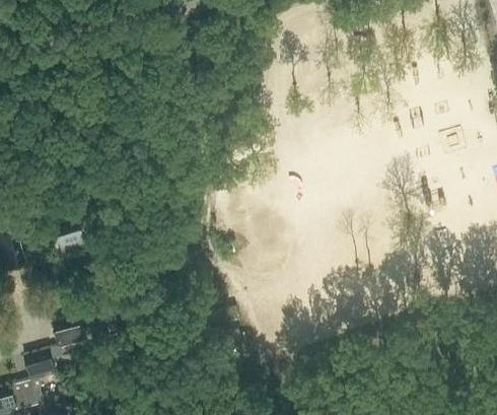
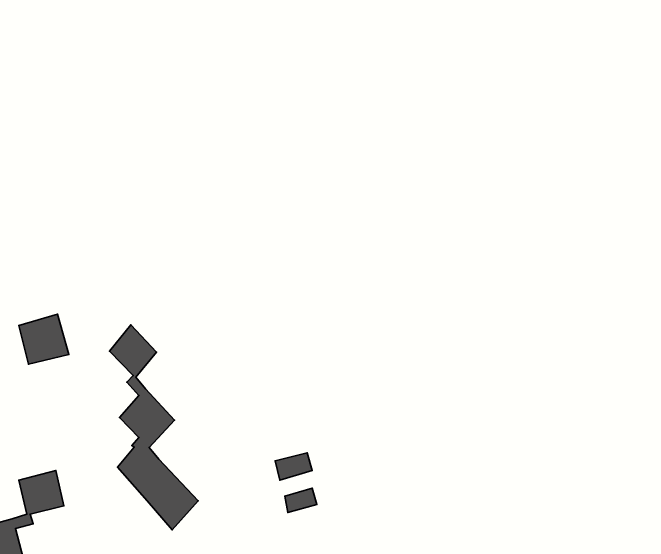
building: none -> [109,325,198,530]

